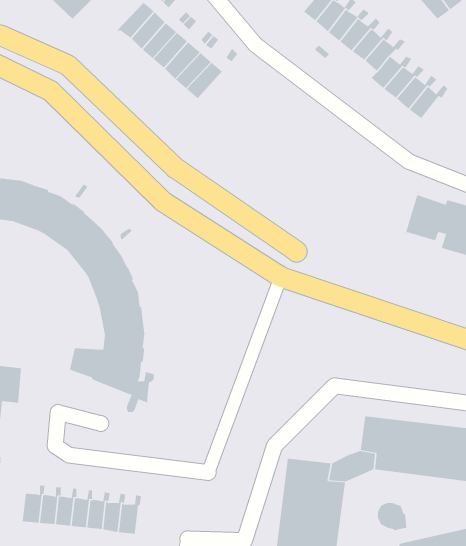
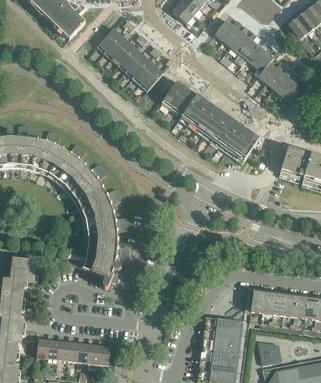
building: none -> [161,81,259,163]

